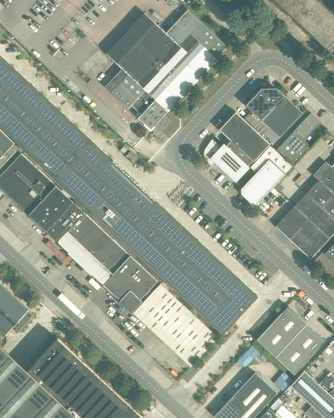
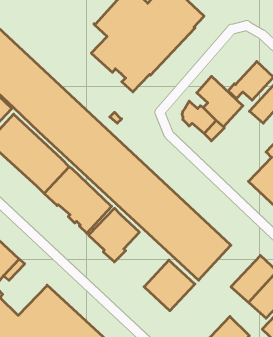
building: [244,83,283,128] -> none
building: [239,146,292,207] -> none
building: [133,284,189,340] -> none

